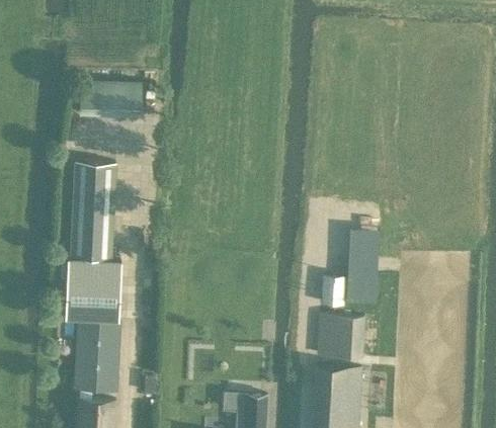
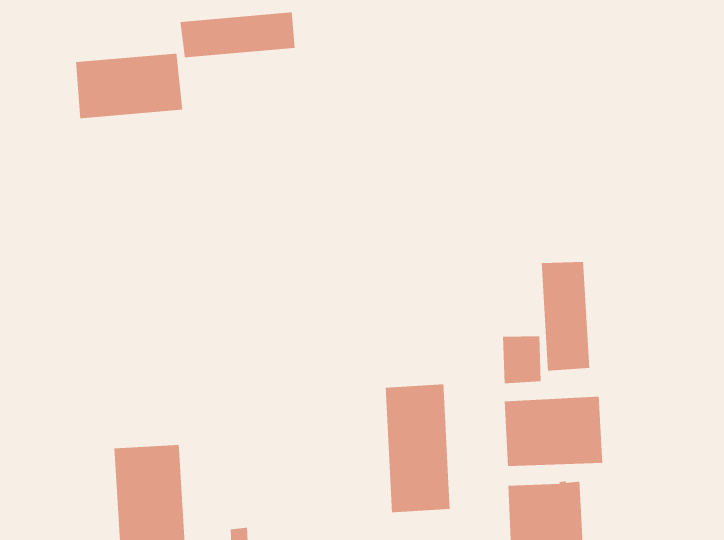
building: none -> [179,12,295,58]
building: [68,165,118,318] -> none
building: none -> [385,384,451,513]

